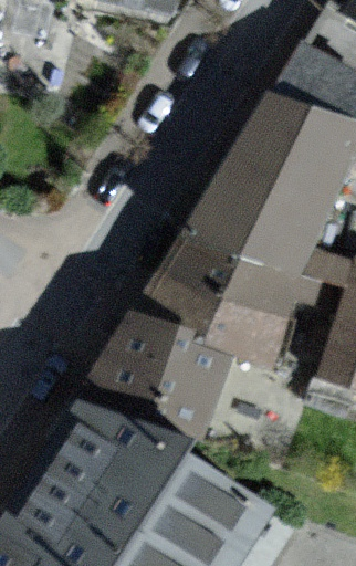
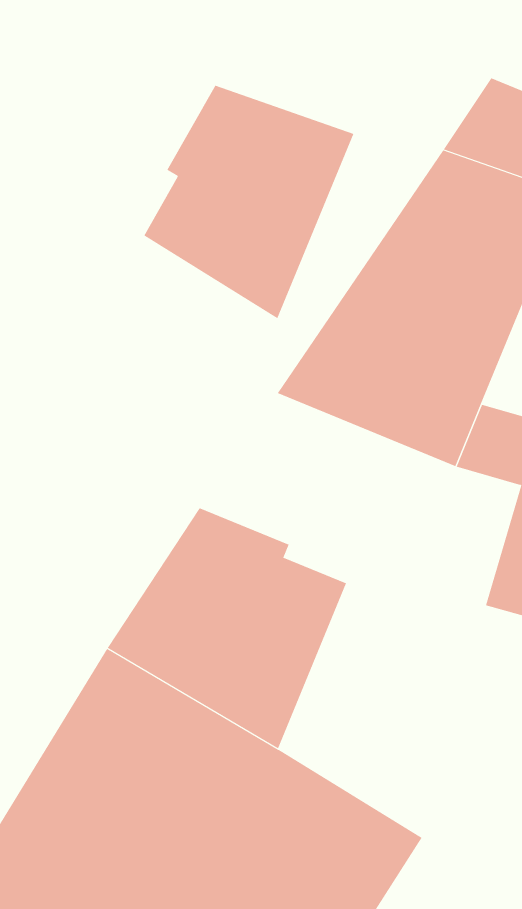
building: none -> [143,85,354,319]
building: [140,243,294,369] -> none

